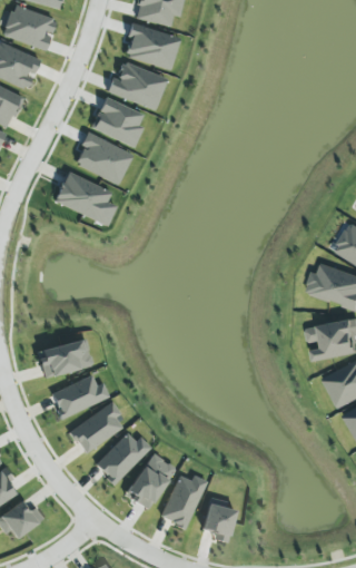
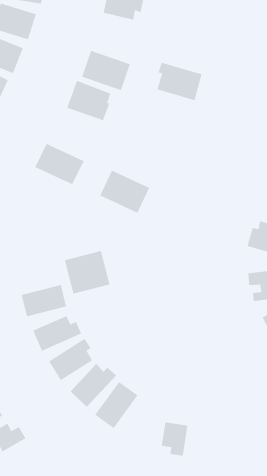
building: [126,23,180,70] -> [156,62,203,101]
building: [73,133,134,185] -> [99,170,150,214]
building: none -> [64,250,111,294]
building: [161,474,207,528] -> none

